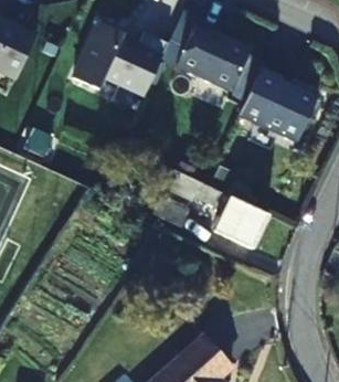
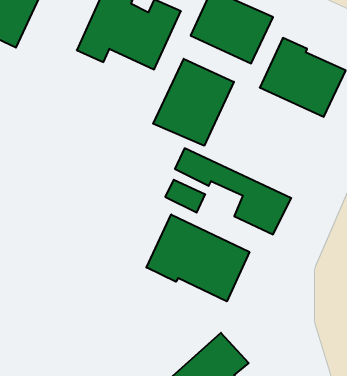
building: none -> [153,59,234,146]
building: none -> [146,214,249,301]

